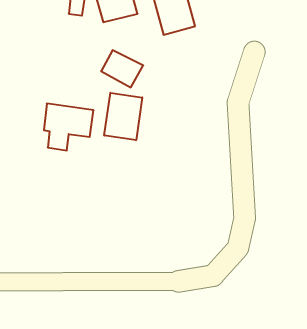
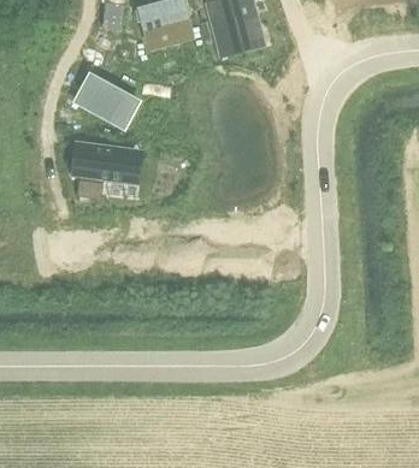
building: [101,50,143,87] -> [76,75,129,122]
building: [104,93,142,140] -> none

